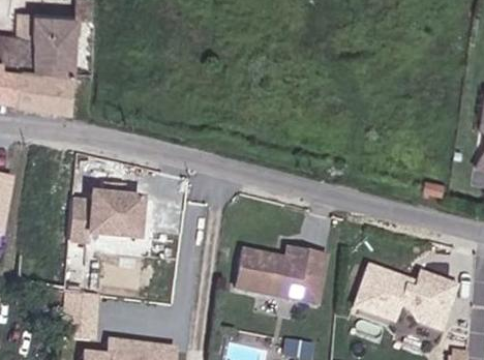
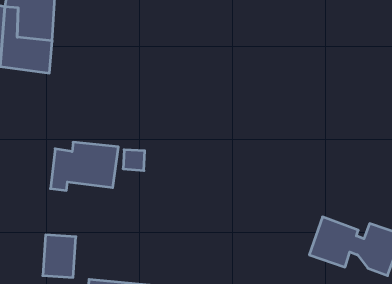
building: [234,243,326,301] -> none

